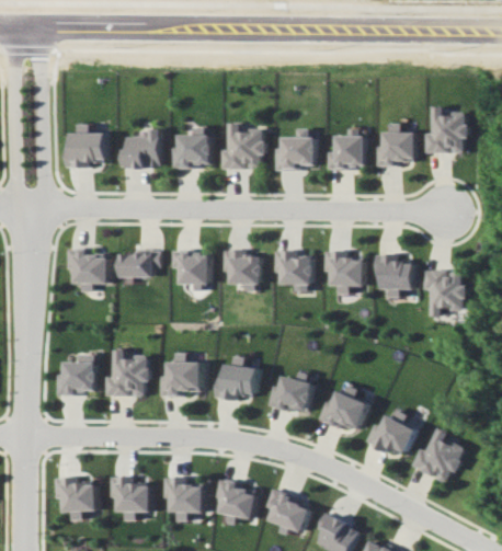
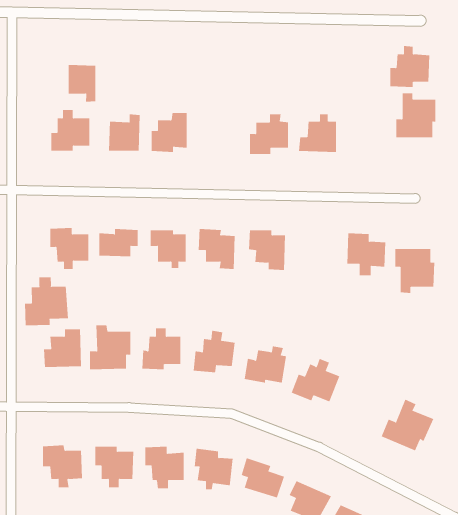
building: none -> [68,64,96,102]
building: [219,122,262,170] -> none
building: [377,123,420,167] -> [389,46,430,87]
building: [323,250,366,295] -> none
building: none -> [25,276,68,326]
building: [365,410,417,455] -> none

